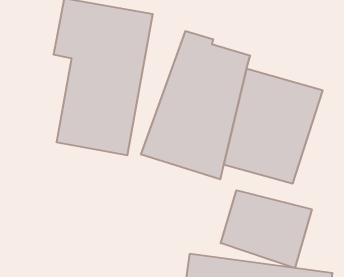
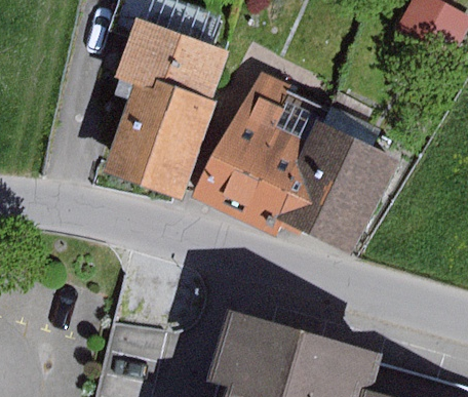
building: [221,190,312,268] -> none

